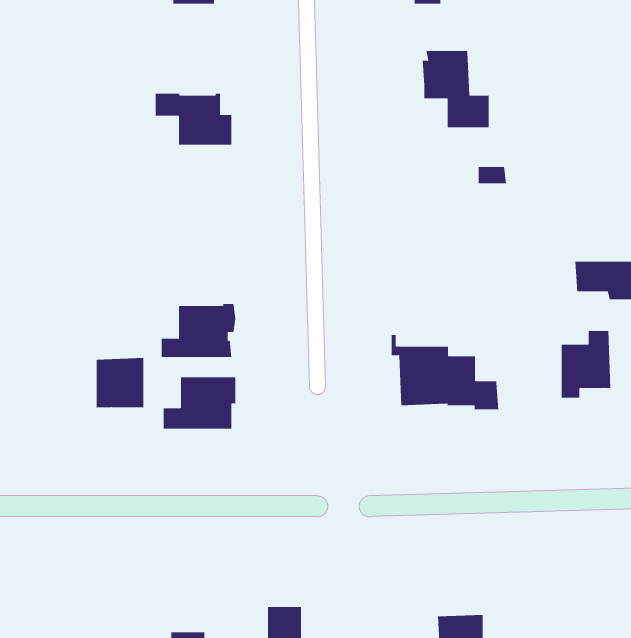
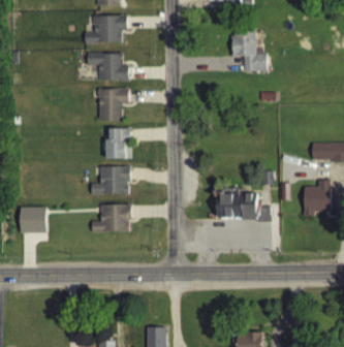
building: none -> [84,14,126,43]
building: none -> [97,88,128,121]
building: none -> [105,128,130,159]
building: [96,357,144,408] -> [20,207,45,233]

